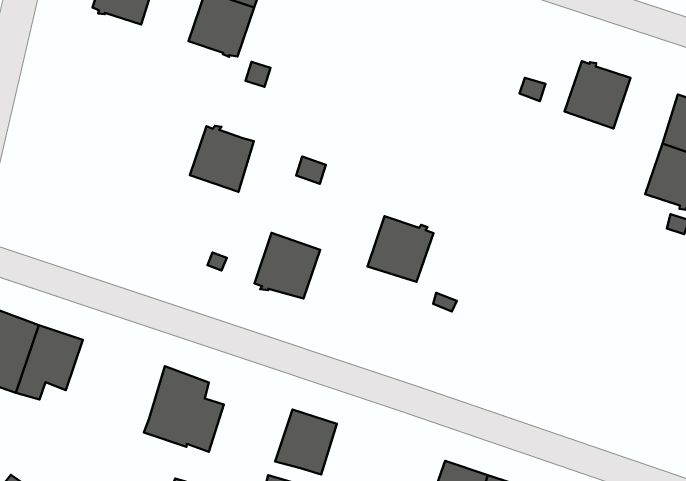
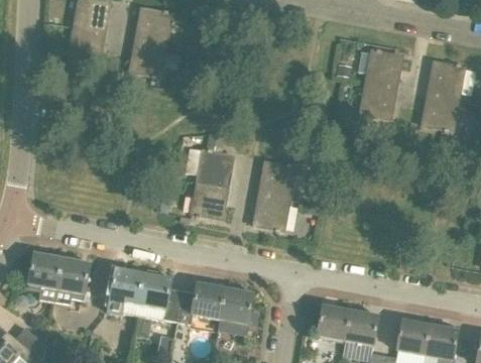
building: none -> [359,81,396,118]
building: [190,126,254,192] -> [197,148,233,187]
building: none -> [253,193,289,231]
building: none -> [108,266,143,316]
building: none -> [177,281,225,322]

